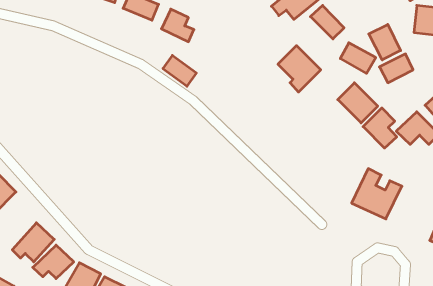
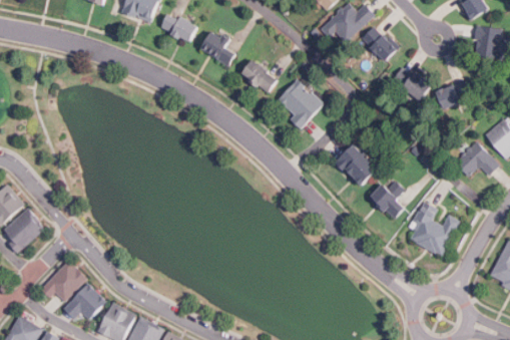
building: [369,24,401,60] -> none
building: [278,46,321,92] -> [277,78,323,128]
building: [163,55,196,86] -> [240,59,277,92]
building: [338,83,378,123] -> [336,143,379,187]
building: [363,108,397,148] -> [369,177,405,220]

